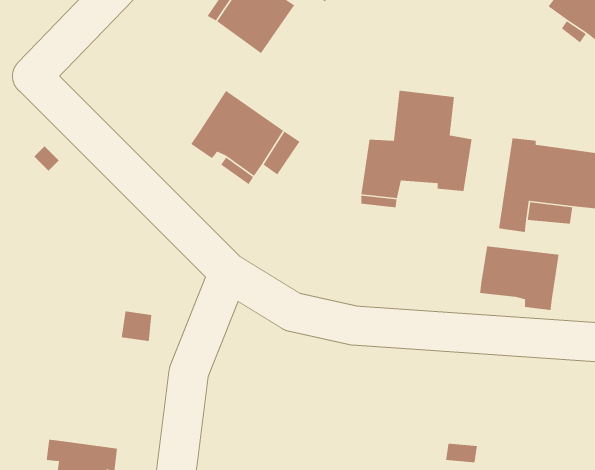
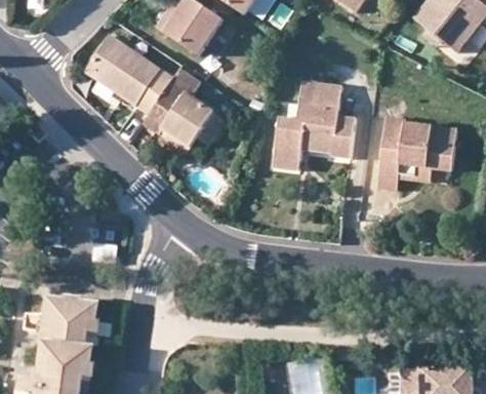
building: none -> [86,32,174,112]
building: [479,245,560,311] -> none
building: none -> [41,297,96,349]

